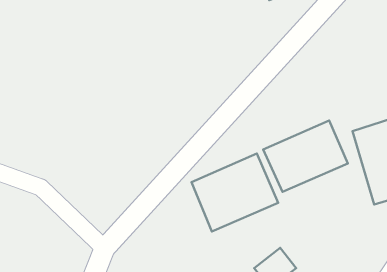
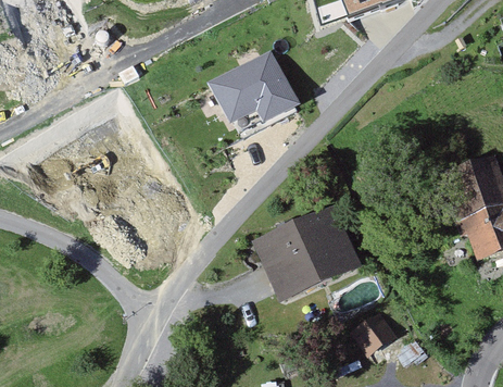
building: none -> [208,50,299,123]
building: [263,121,348,192] -> none

